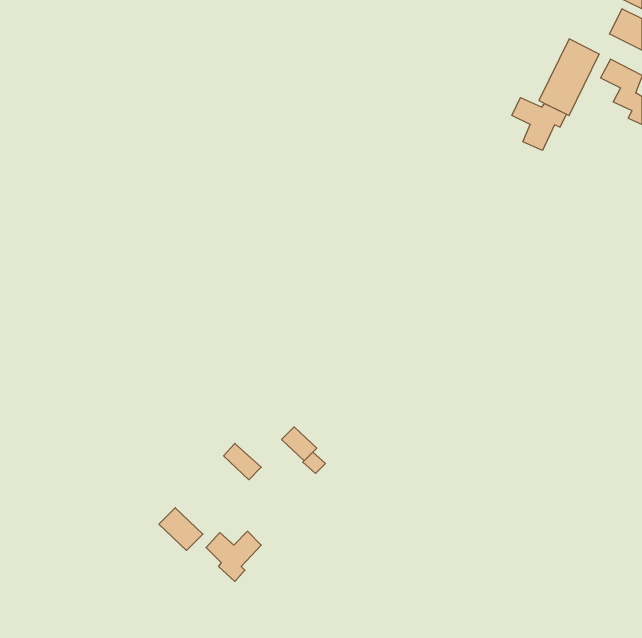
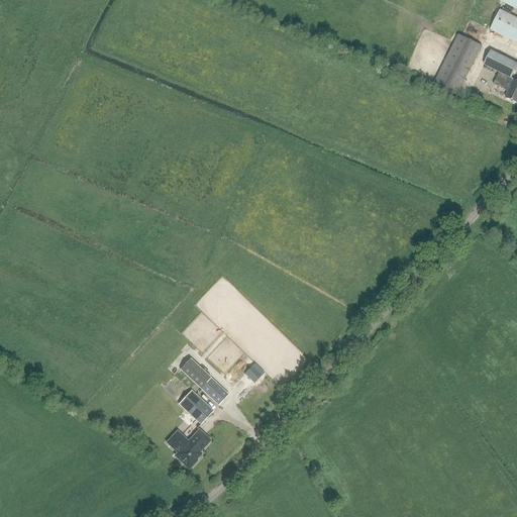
building: [512,98,567,150] -> none
building: [282,427,317,461] -> [200,376,228,403]
building: [159,508,203,550] -> [178,388,213,422]

